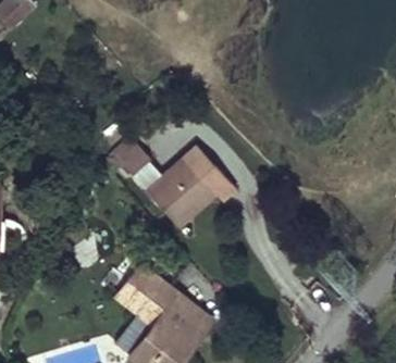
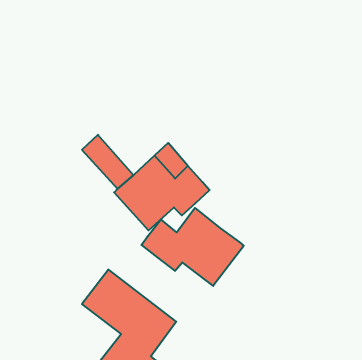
building: none -> [141,208,244,286]

